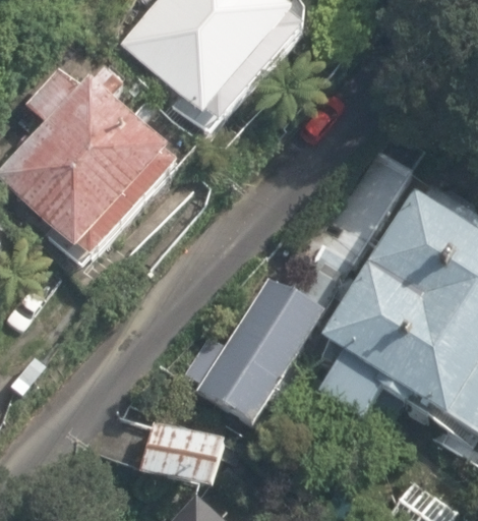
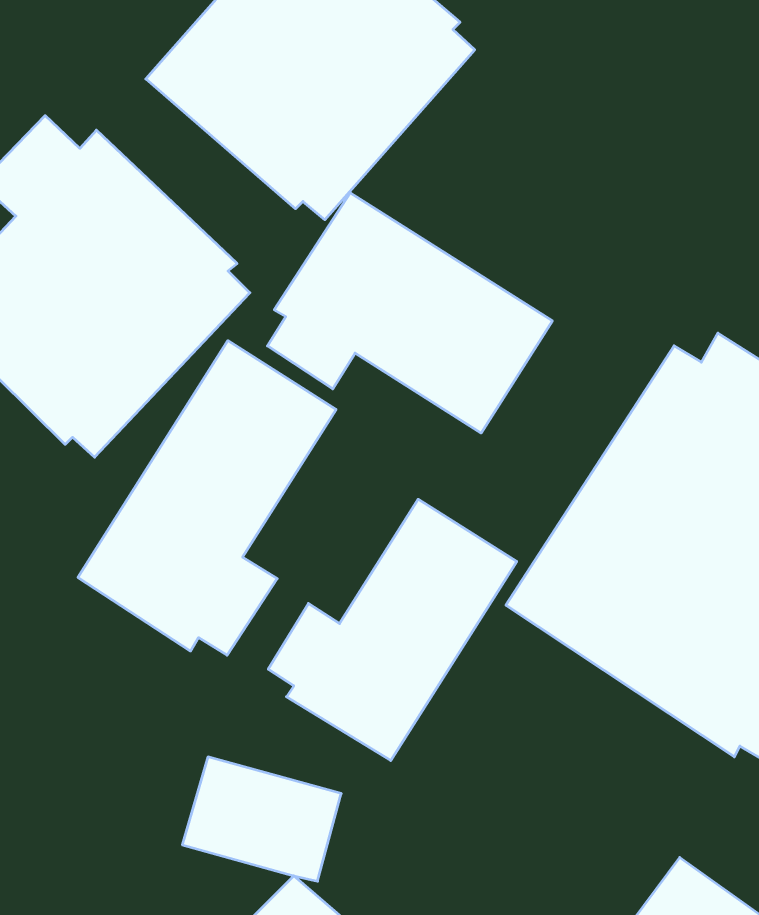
building: none -> [267,193,552,433]
building: none -> [78,341,336,655]

